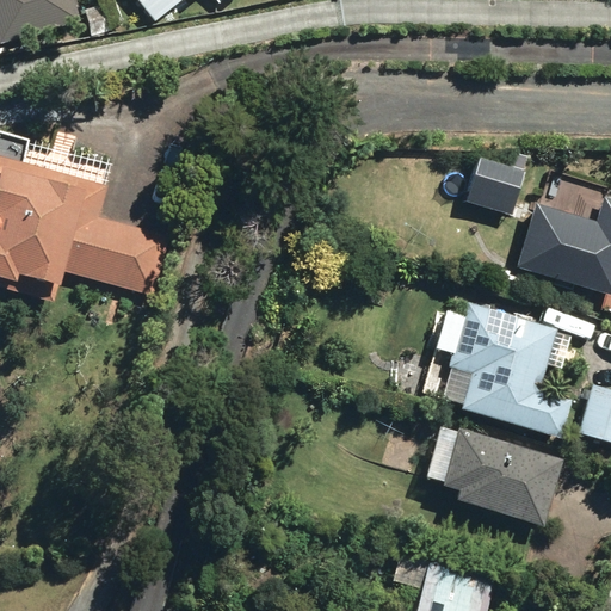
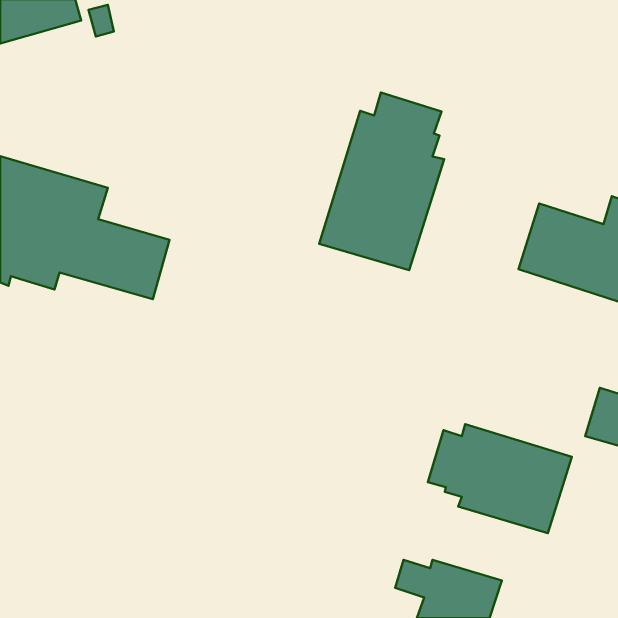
building: none -> [319,92,444,270]
building: [463,155,523,214] -> none
building: [445,315,570,437] -> none

